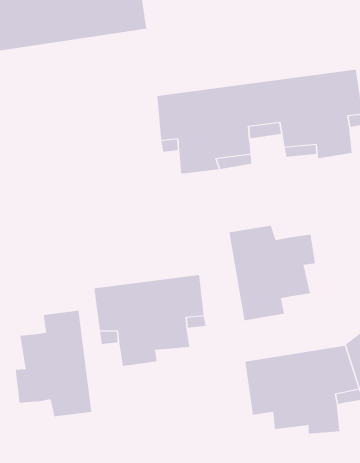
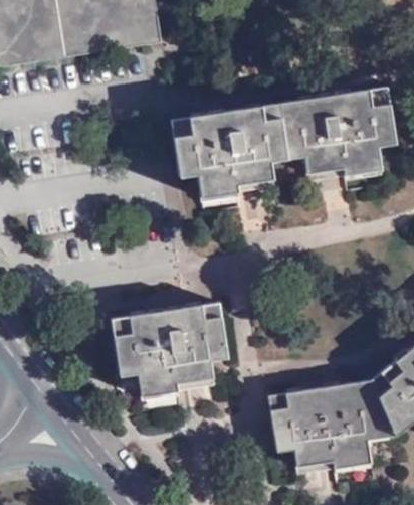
building: [229,225,315,321] -> none
building: [15,310,92,417] -> none

